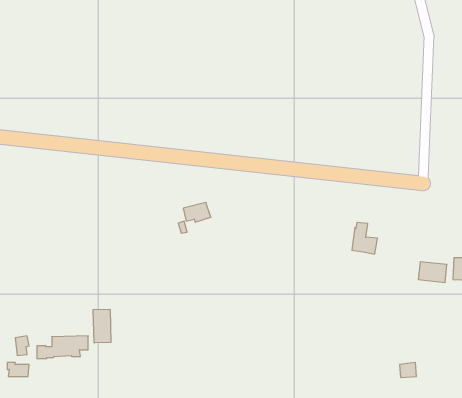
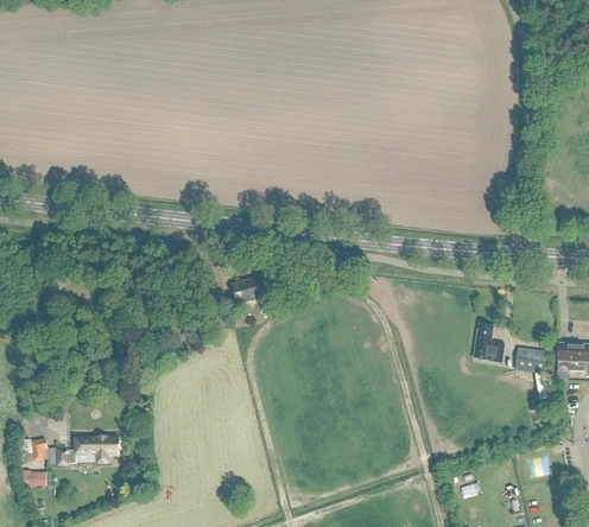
building: [352,222,378,254] -> [474,323,505,361]
building: [93,309,111,343] -> none

